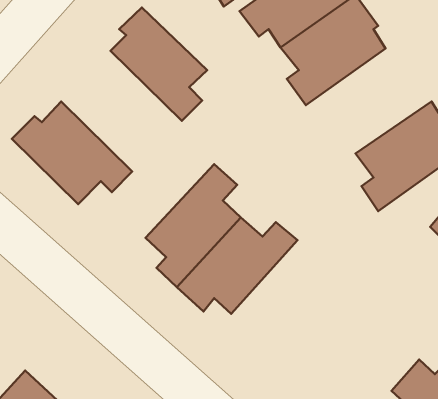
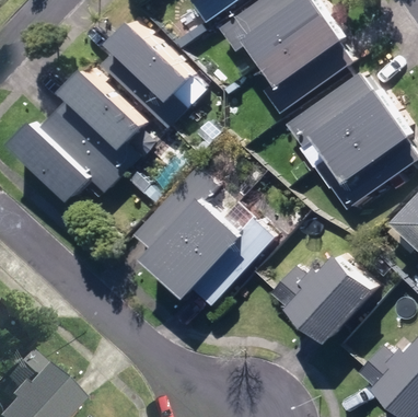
building: none -> [58,71,144,173]
building: none -> [287,71,394,157]
building: none -> [269,257,374,345]

